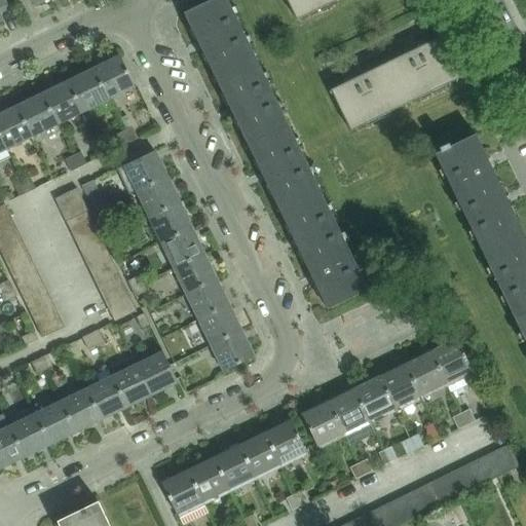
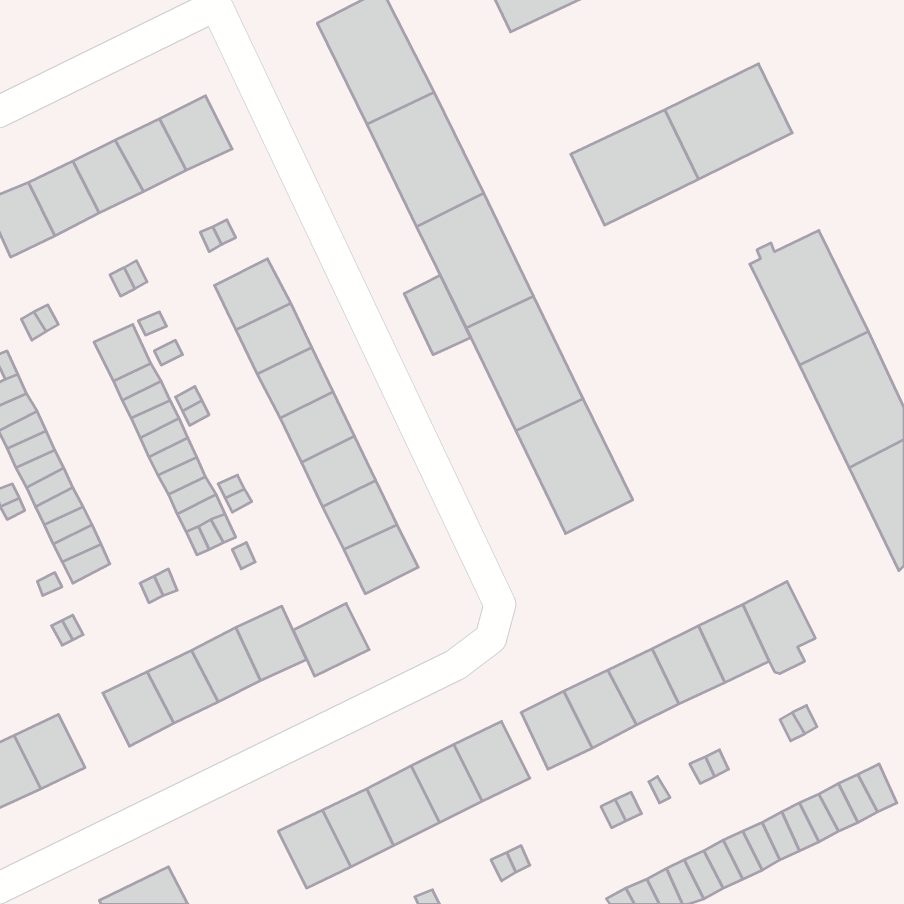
building: none -> [404,275,470,355]
building: [212,329,256,371] -> [293,603,369,676]
building: [34,402,75,445] -> none

